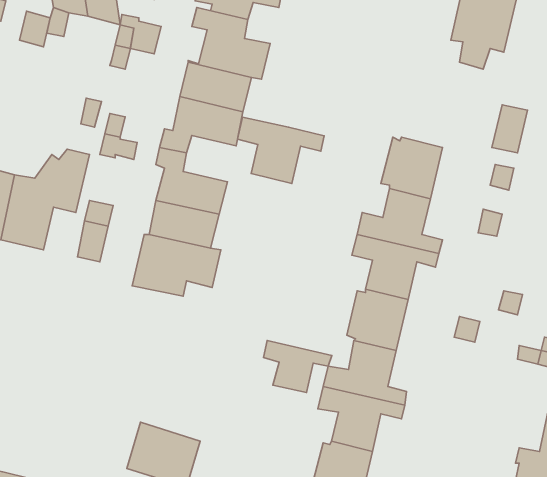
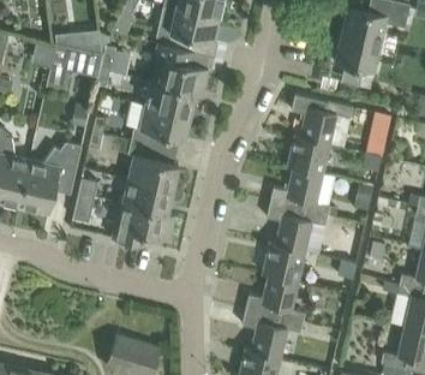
building: [237,117,324,184] -> [292,95,353,142]
building: [264,341,332,392] -> none

